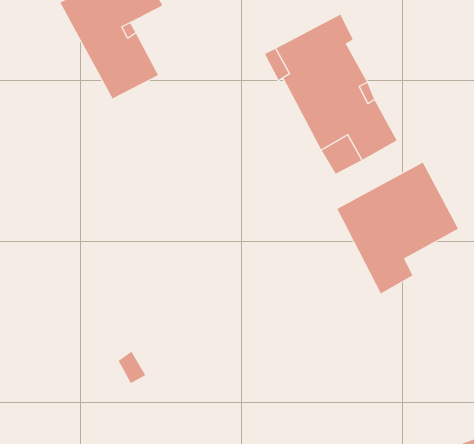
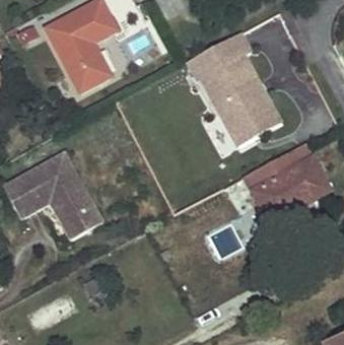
building: none -> [6,152,106,239]

